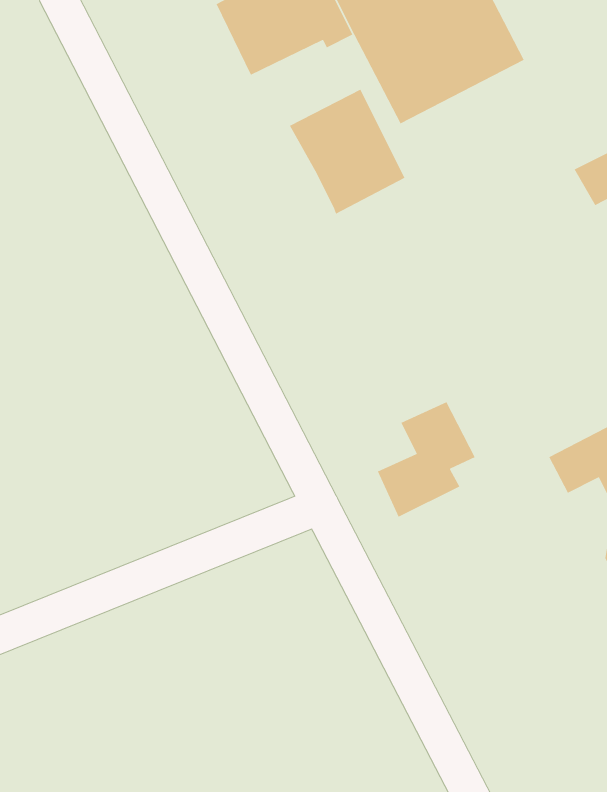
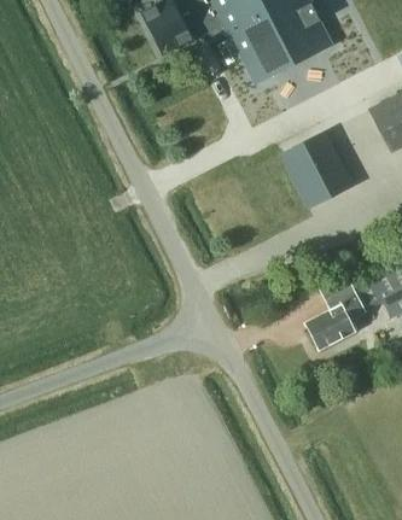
building: [289,89,405,215] -> [279,133,351,211]
building: [377,401,476,518] -> [301,282,362,355]

